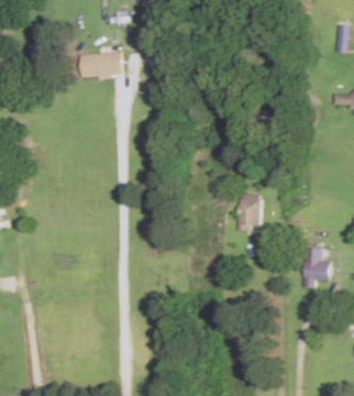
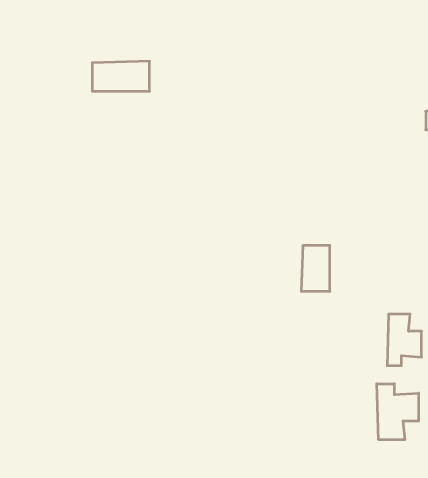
building: none -> [377,384,419,440]

